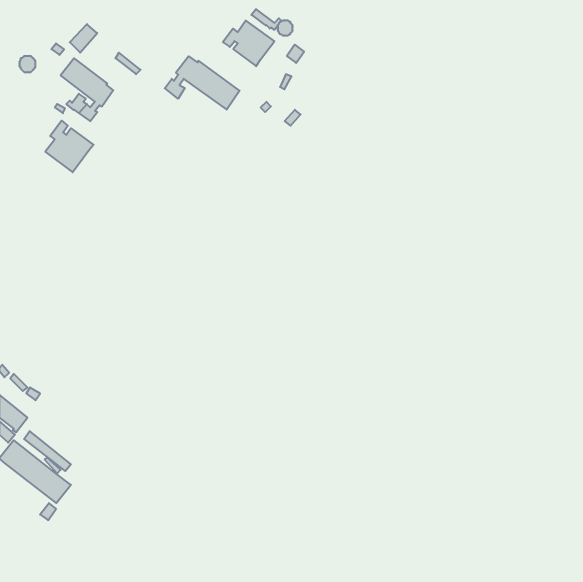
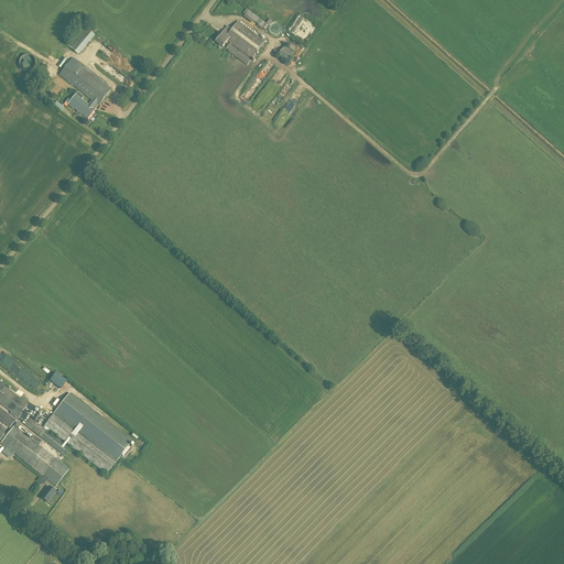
building: [165,56,240,110] -> none
building: [45,121,94,172] -> none
building: none -> [43,391,131,473]

